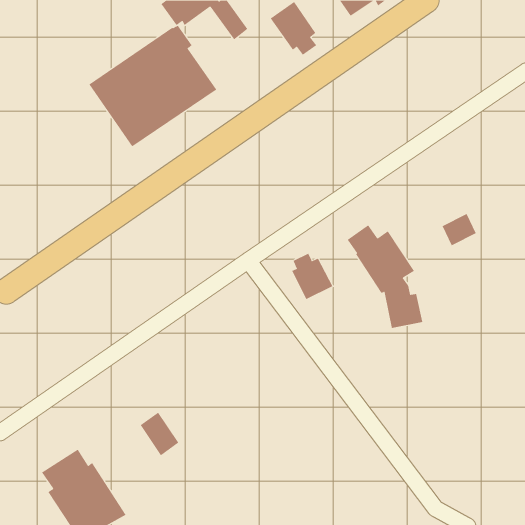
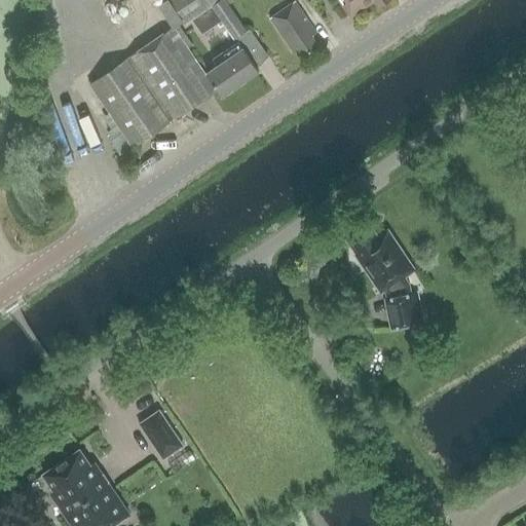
building: none -> [206,44,259,97]
building: [442,213,476,246] -> none
building: [292,253,333,300] -> none

